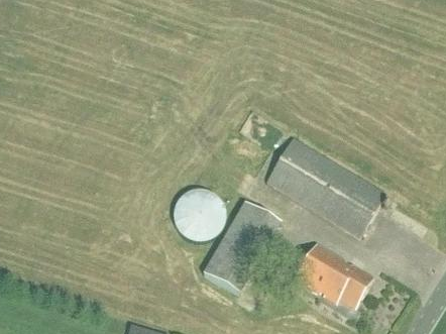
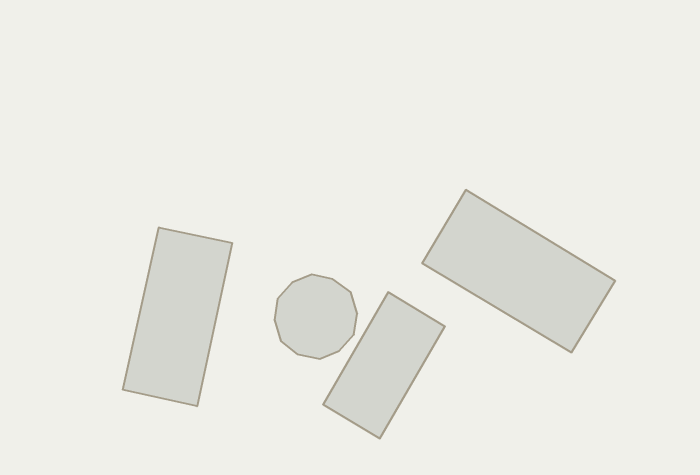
building: none -> [123,227,232,406]
building: [296,245,371,307] -> none

